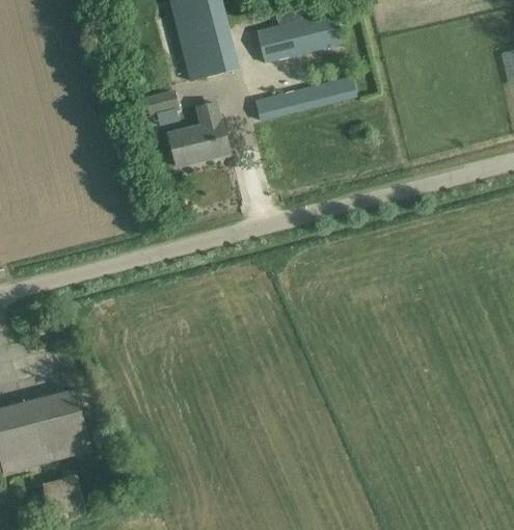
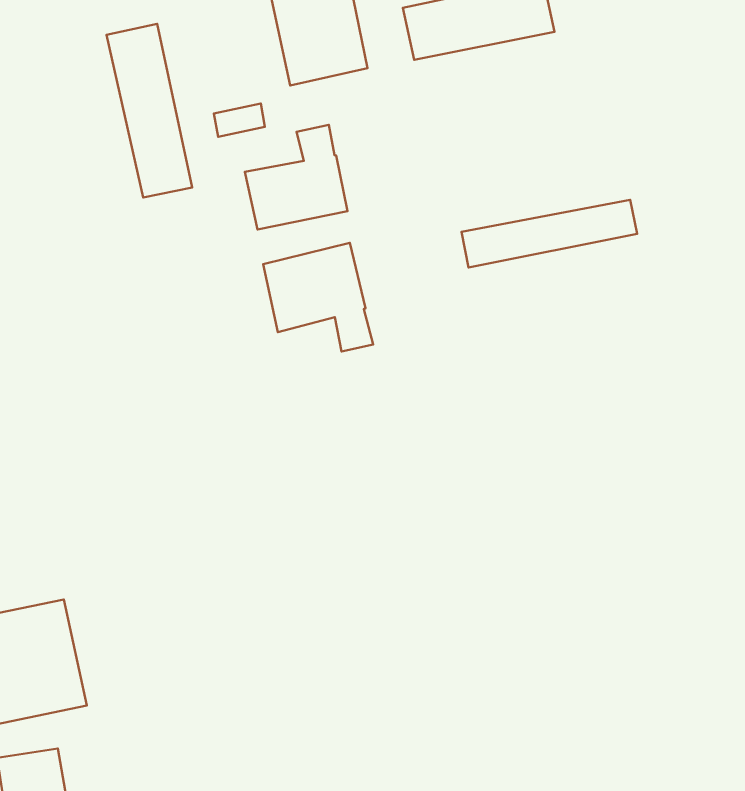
building: none -> [107,24,192,198]
building: [253,76,356,121] -> [461,200,637,268]
building: none -> [263,243,373,351]

